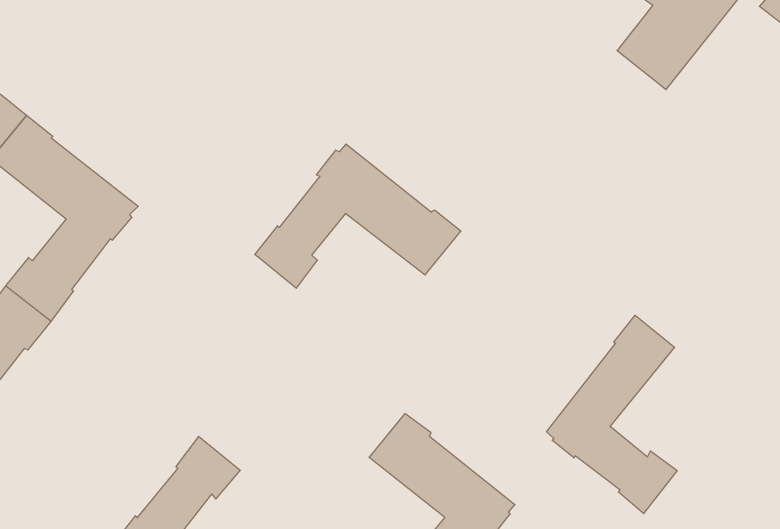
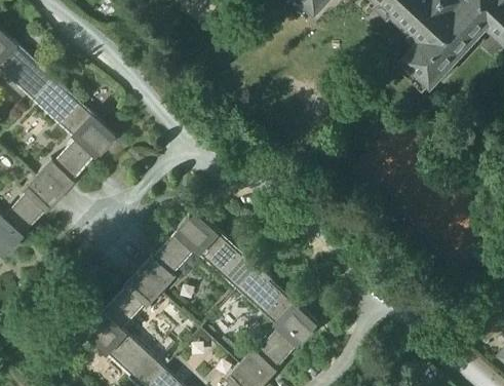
building: [255,144,461,288] -> [139,211,259,293]
building: [547,315,677,514] -> none

